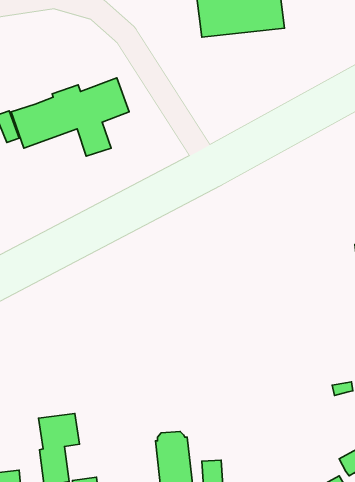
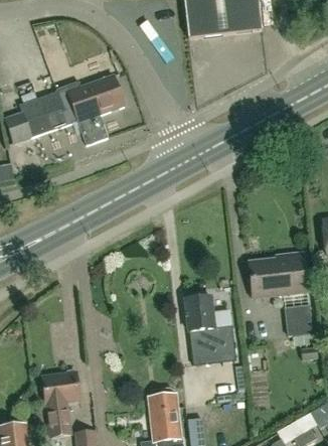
building: none -> [250,251,307,296]
building: none -> [184,296,235,363]
building: none -> [283,302,312,335]

